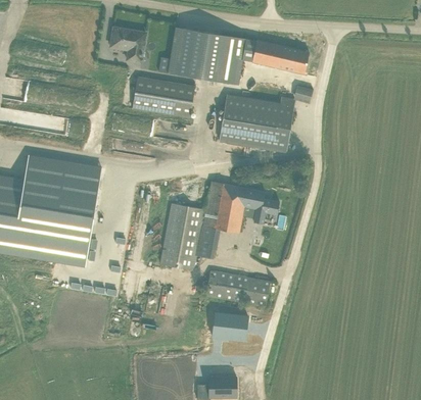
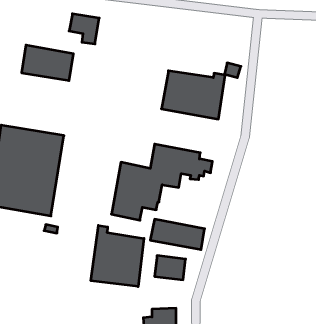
building: [156,27,307,84] -> none
building: [132,76,193,117] -> [22,45,73,81]
building: none -> [91,225,144,287]

